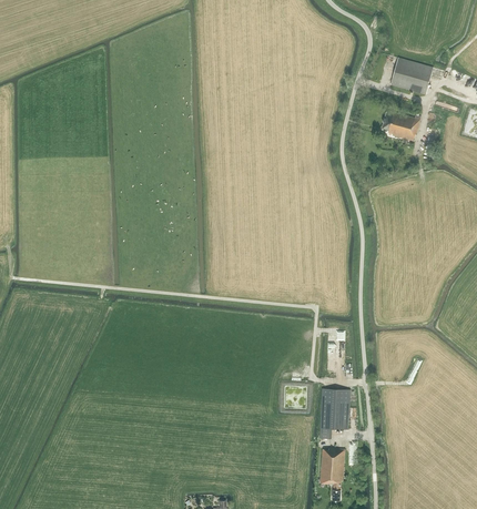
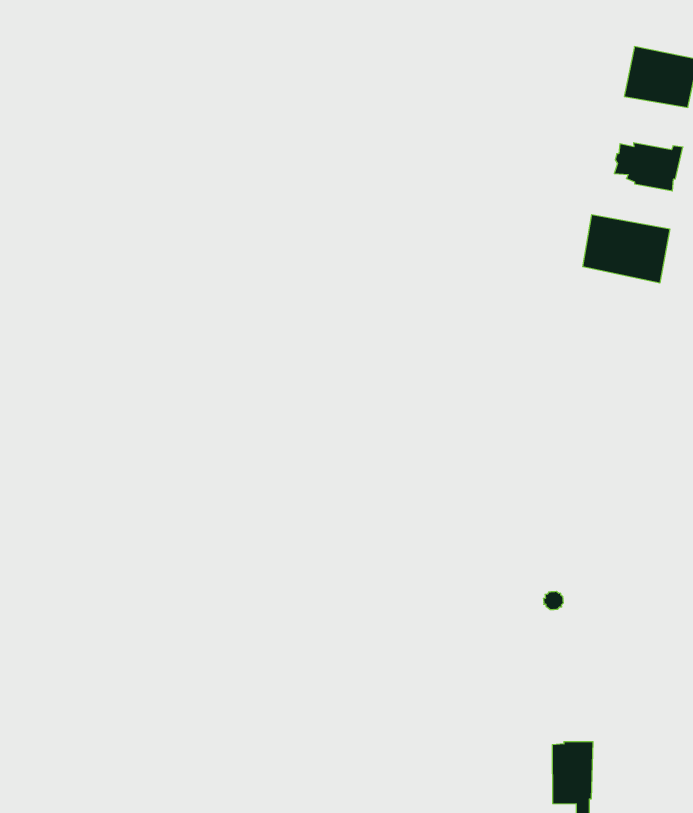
building: none -> [583,215,670,283]
building: [318,388,349,439] -> none

